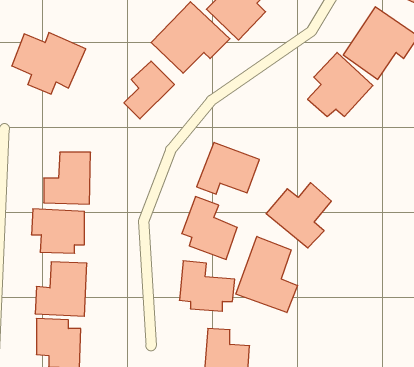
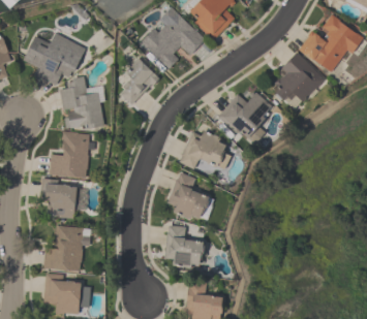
building: none -> [61,77,103,129]
building: [266,183,331,248] -> [217,90,272,145]
building: [236,236,298,313] -> none

